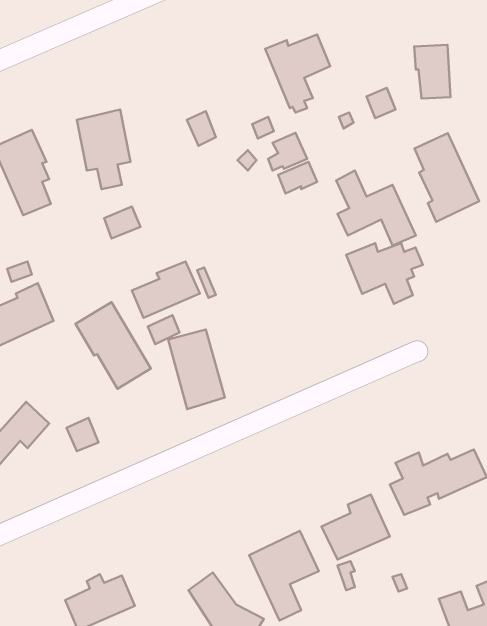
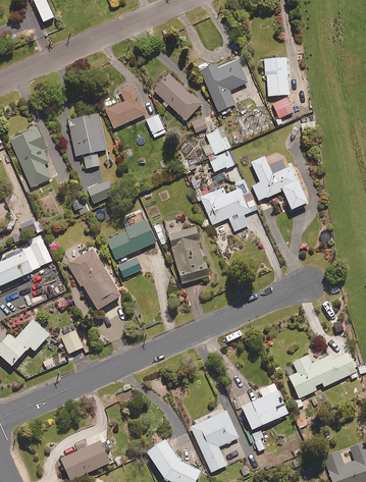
building: [414,45,451,99] -> [263,57,289,95]
building: none -> [154,73,201,120]
building: none -> [106,85,145,127]
building: [414,133,479,222] -> none
building: [346,243,423,304] -> [201,189,255,231]
building: [168,330,225,409] -> [168,227,208,283]

